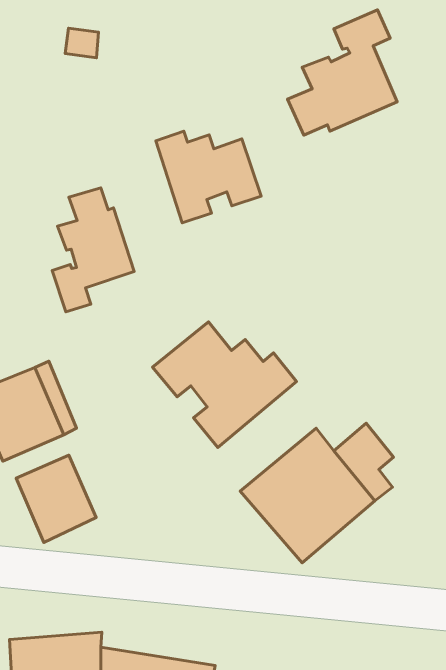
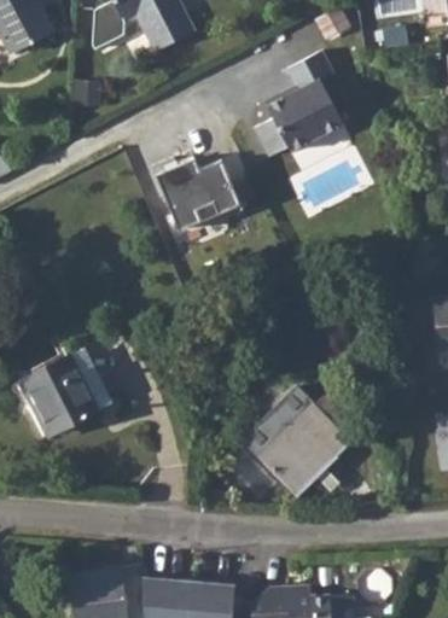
building: [52,188,134,312] -> none
building: [153,322,297,447] -> none
building: [16,455,96,542] -> none

